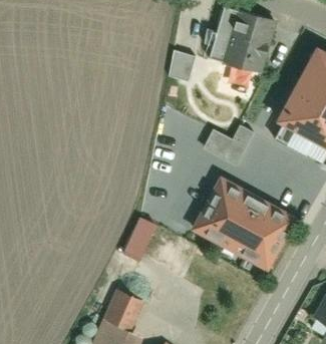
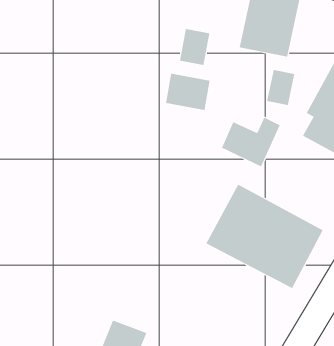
building: none -> [267,69,295,106]
building: none -> [165,73,210,111]
building: [123,216,158,261] -> none

